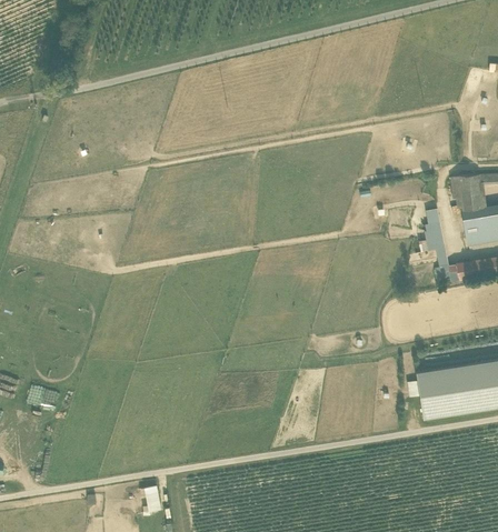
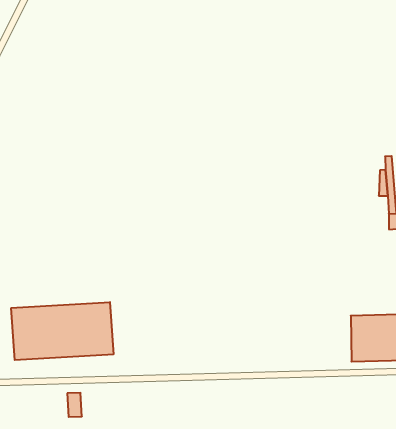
building: none -> [11,302,113,360]

